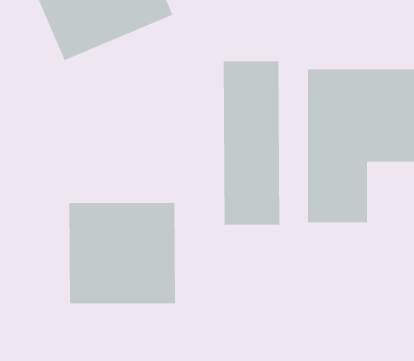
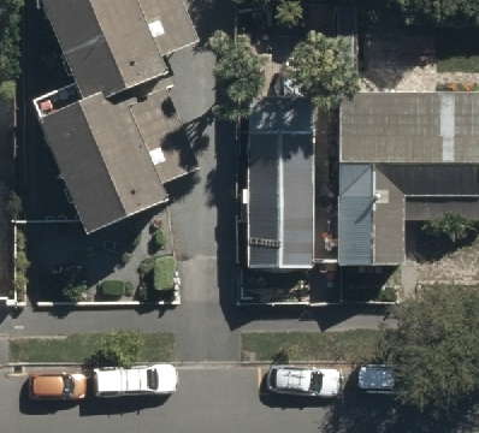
building: none -> [34,71,195,215]
building: [69,202,176,304] -> none

